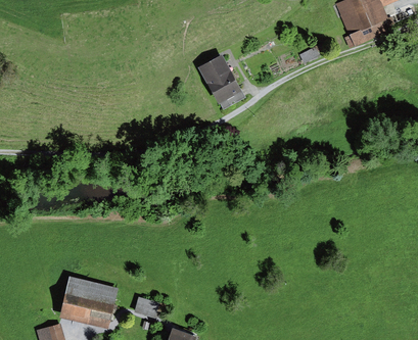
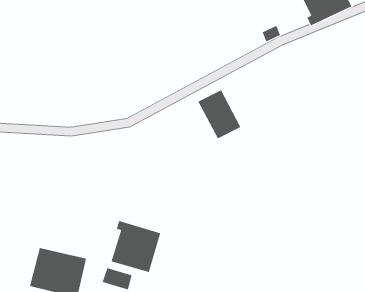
building: [196,54,241,105] -> [198,89,241,139]
building: none -> [111,220,161,273]

